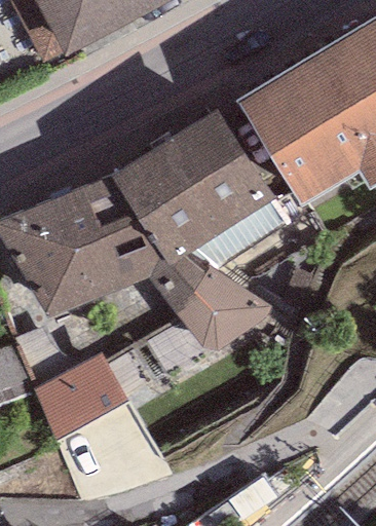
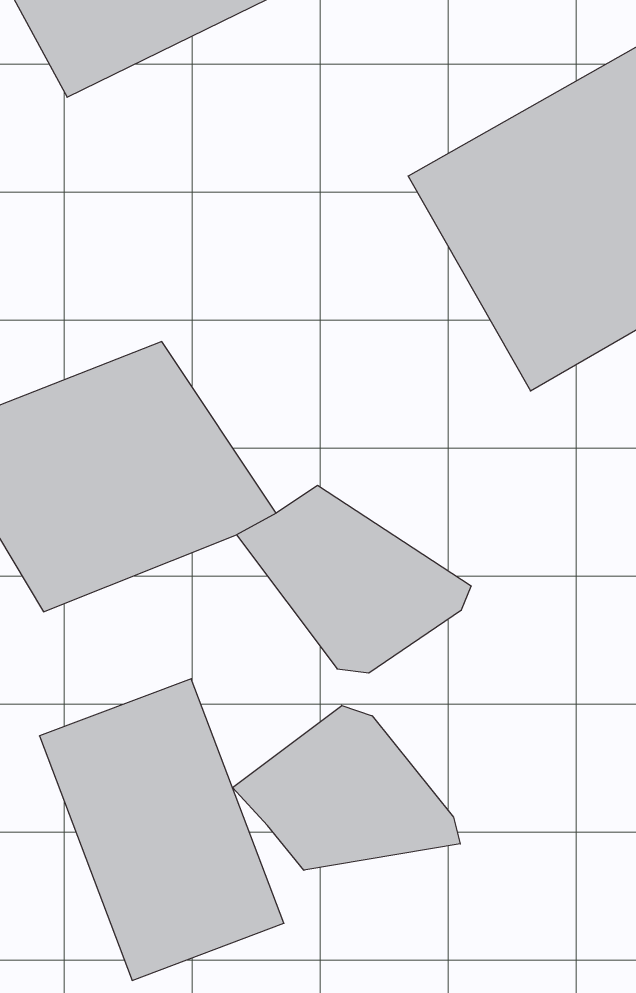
building: [109,112,272,268] -> none
building: none -> [232,705,460,870]

